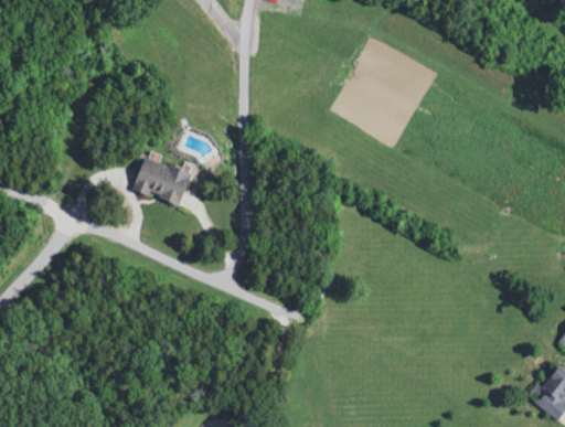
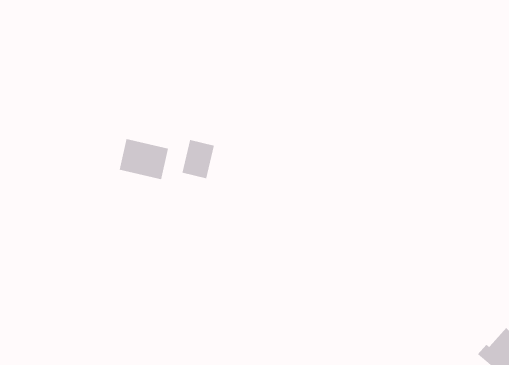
building: none -> [182,139,214,179]

